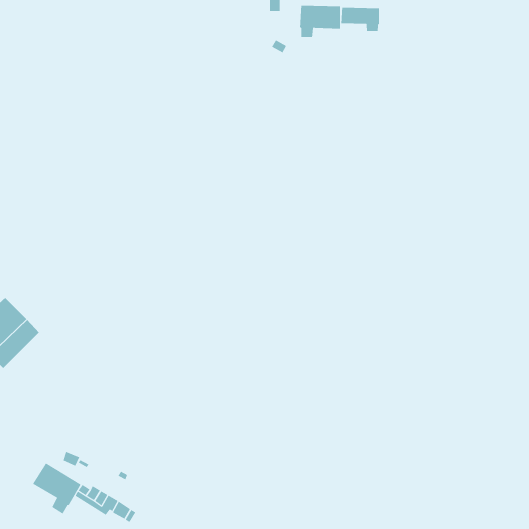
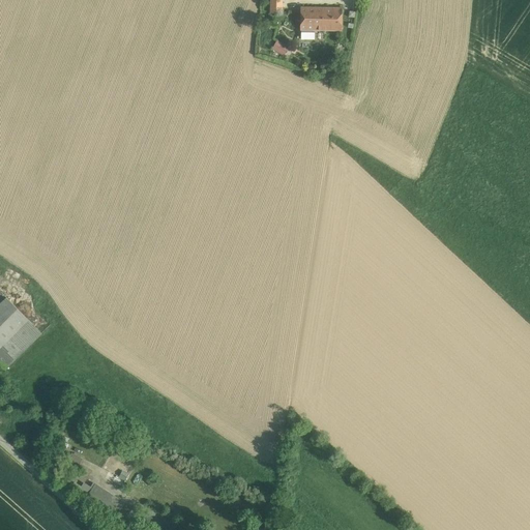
building: [341,7,380,32] -> none
building: [32,463,82,514] -> none

